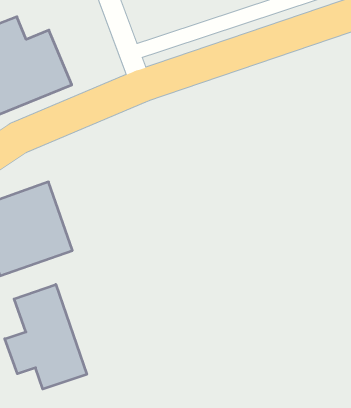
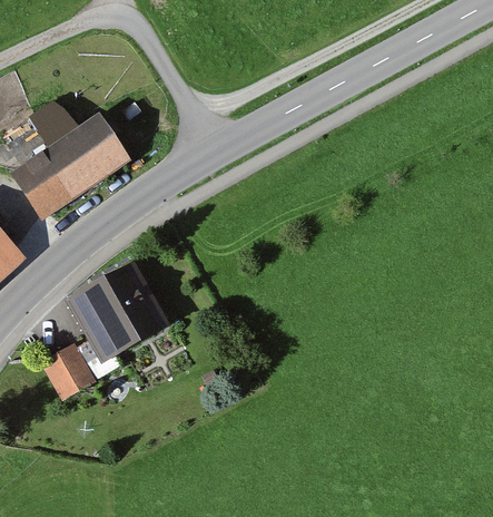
building: [5,284,87,389] -> none

